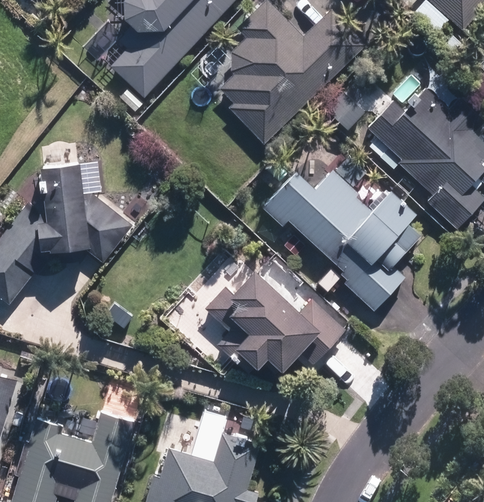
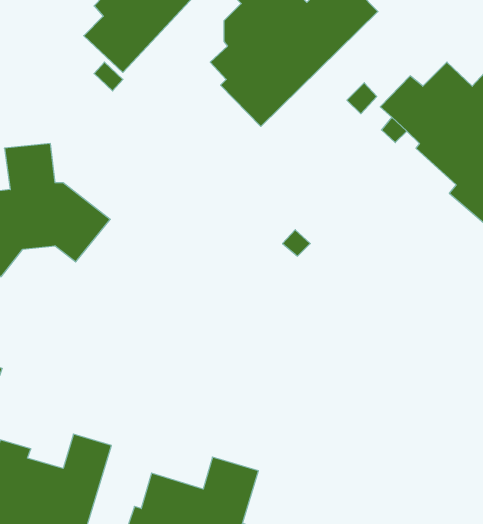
building: [262,169,420,310] -> none
building: [204,267,345,373] -> none

